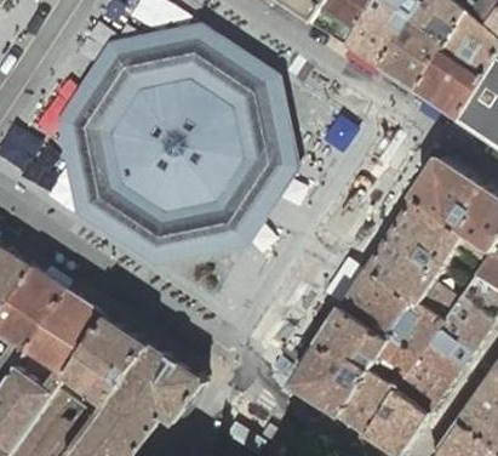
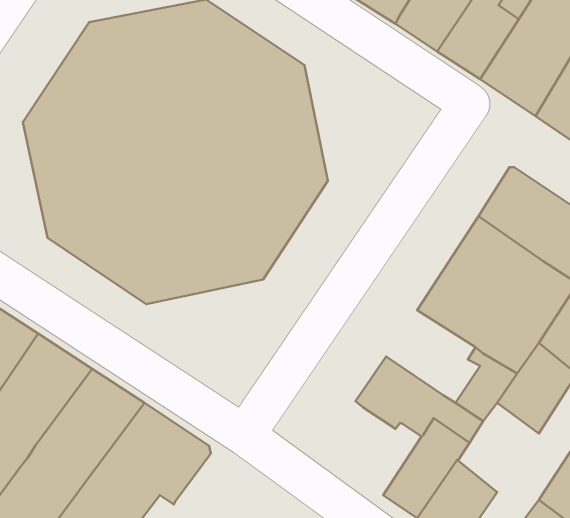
building: [342,269,416,342] -> none
building: [291,341,370,415] -> none
building: [397,342,462,412] -> none

